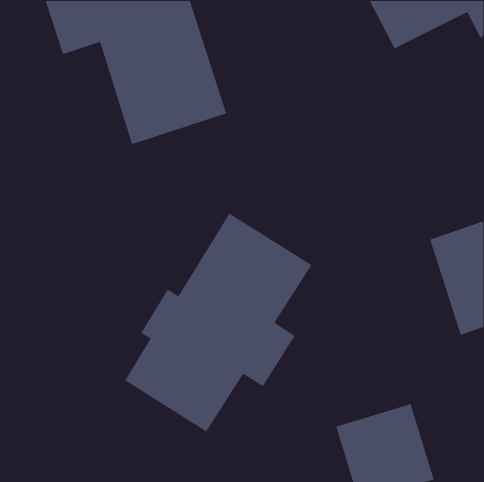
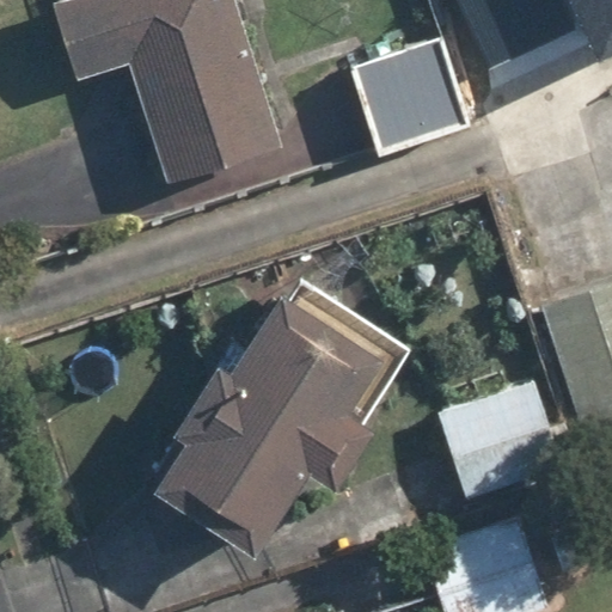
building: none -> [348,38,471,155]
building: none -> [437,381,565,500]

